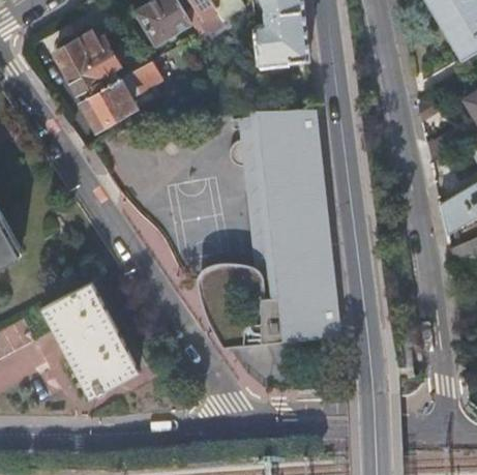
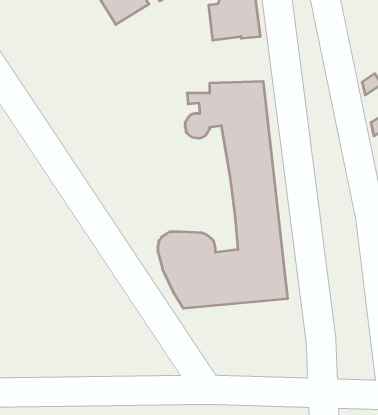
building: [56,34,161,128] -> none
building: [42,281,135,395] -> none

